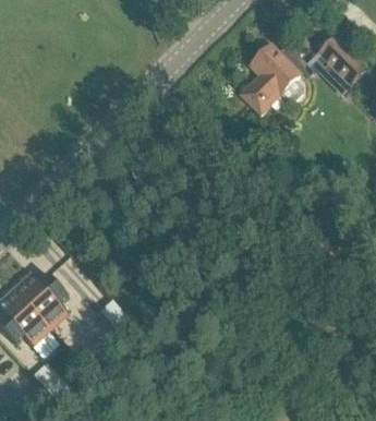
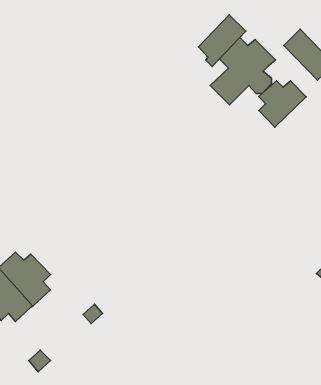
building: none -> [199,15,246,66]
building: none -> [259,81,306,127]

